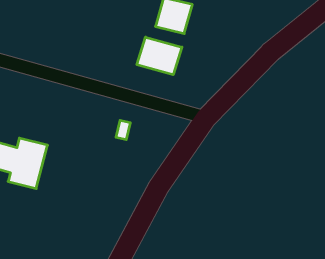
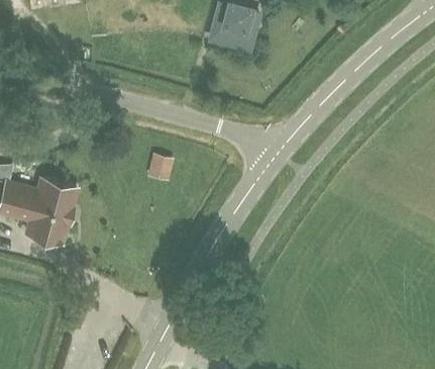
building: [137,37,182,75] -> none

